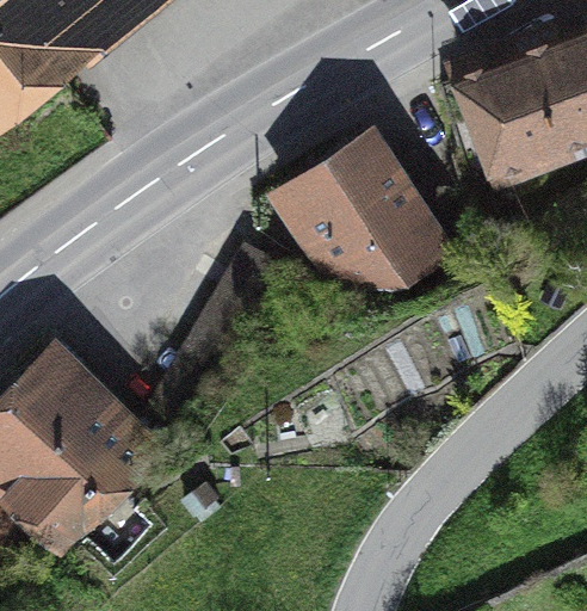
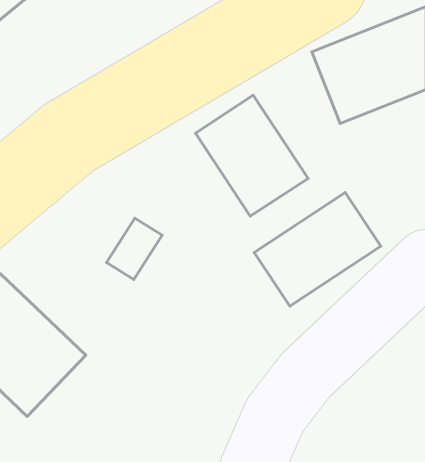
building: none -> [254,193,381,306]

